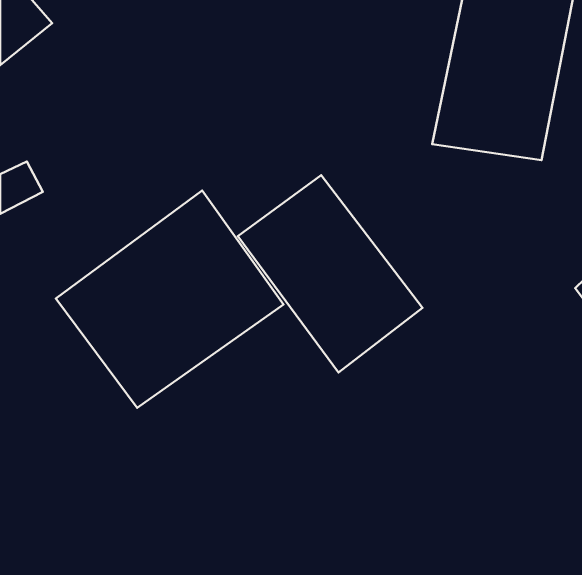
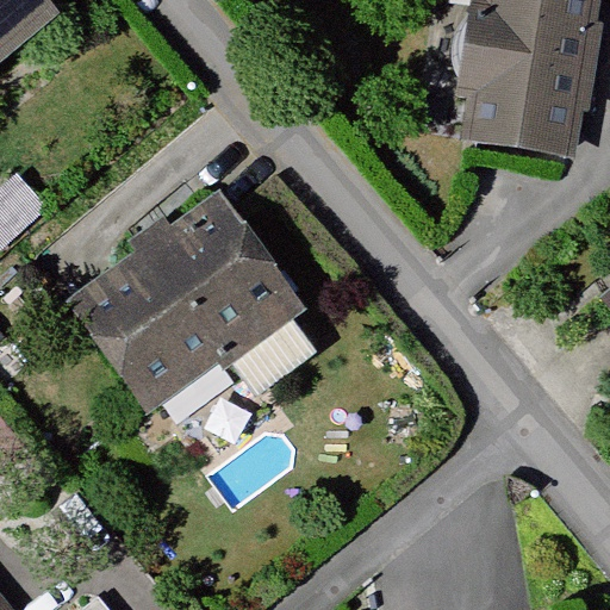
building: [238,175,423,373] -> none

